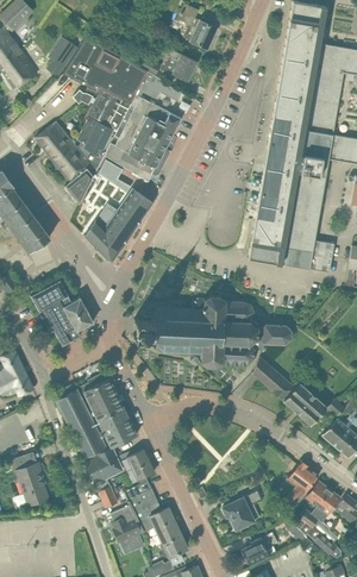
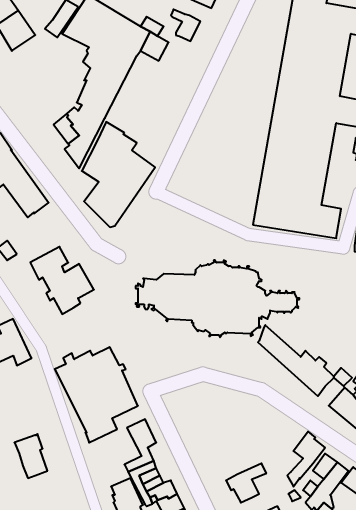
building: [105,95,182,182] -> none
building: [36,121,75,162] -> none
building: [89,458,123,508] -> none

